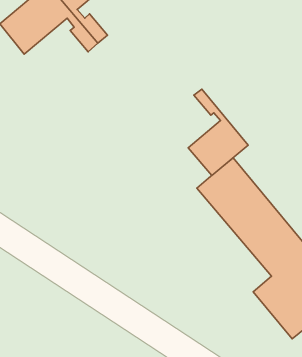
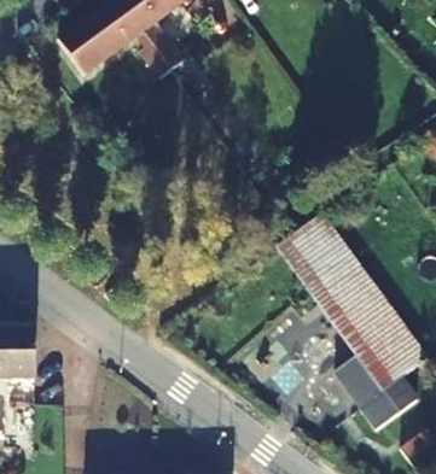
building: [188,89,248,175] -> none

